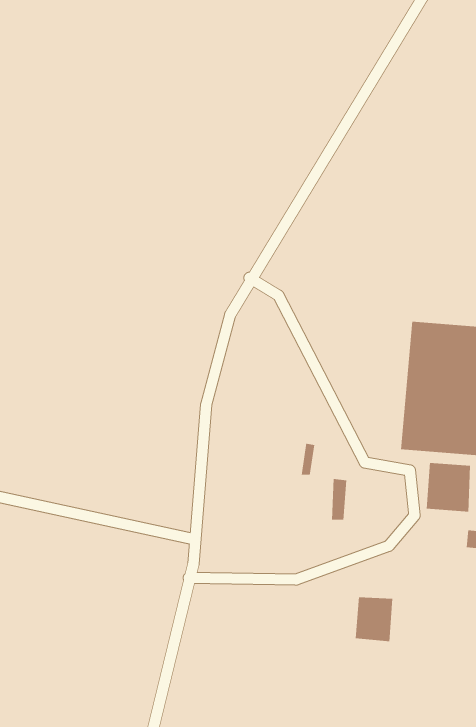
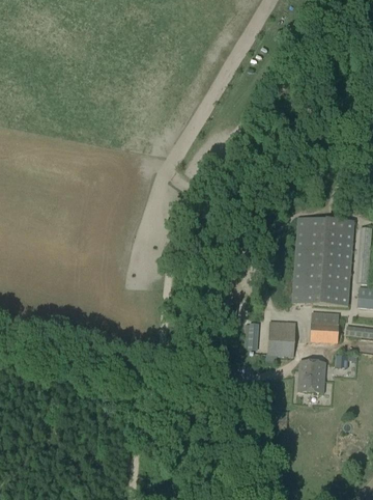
building: none -> [266,321,294,356]
building: [355,597,393,642] -> [298,362,323,391]

